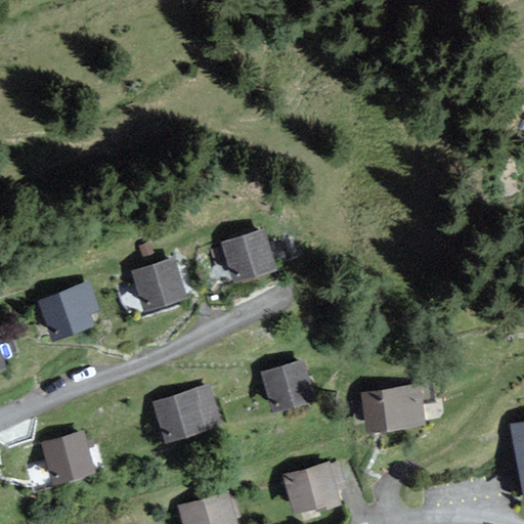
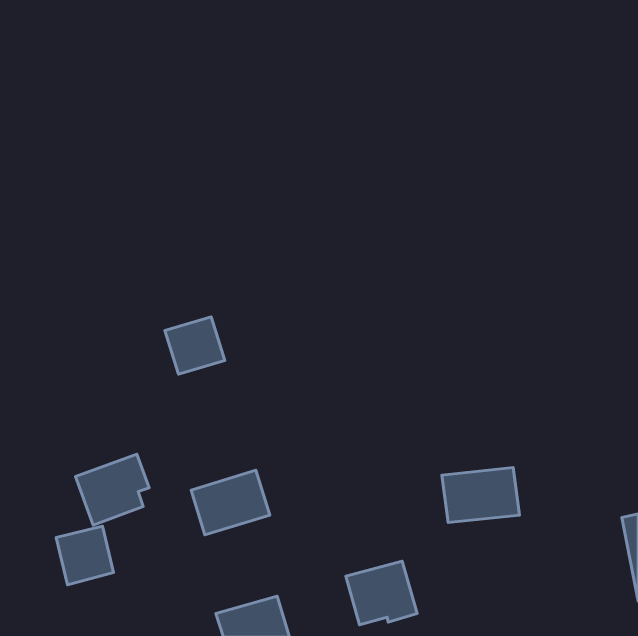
building: [224,232,274,280] -> none
building: [40,281,100,340] -> [76,454,149,525]
building: [265,362,312,409] -> none

